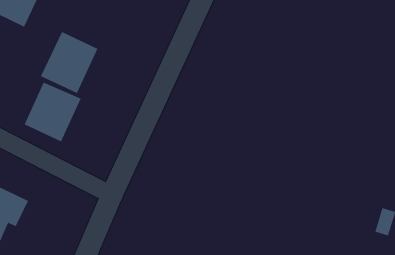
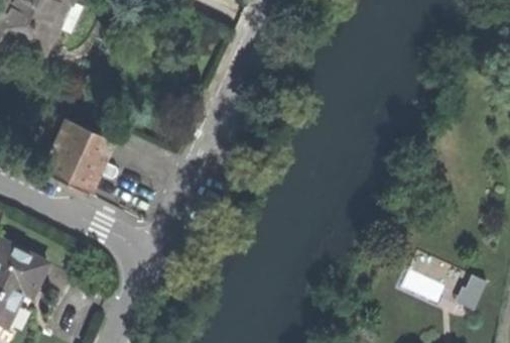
building: [40,31,98,94] -> none

